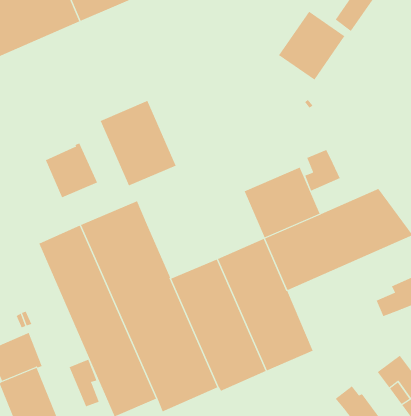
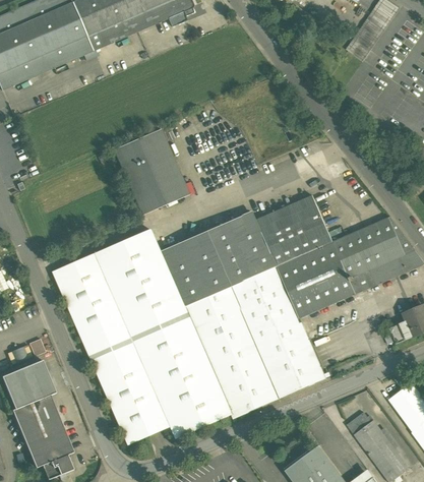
building: [278,11,345,80] -> none
building: [45,143,98,198] -> none
building: [305,149,340,192] -> none
building: none -> [161,213,277,305]
building: [69,359,99,407] -> none

